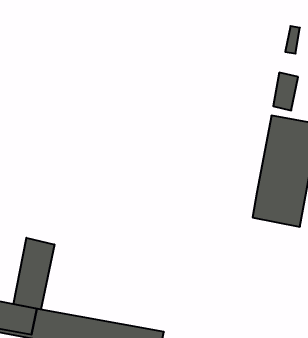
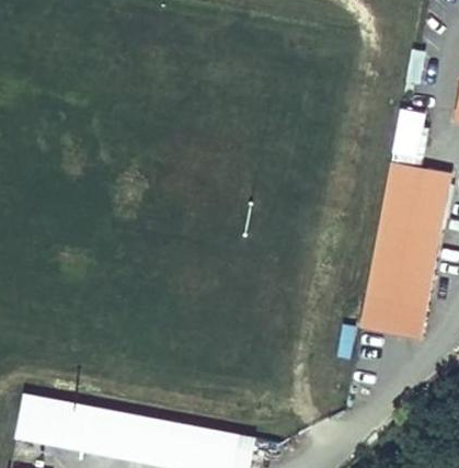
building: none -> [359,293,426,335]
building: [13,238,54,309] -> none

